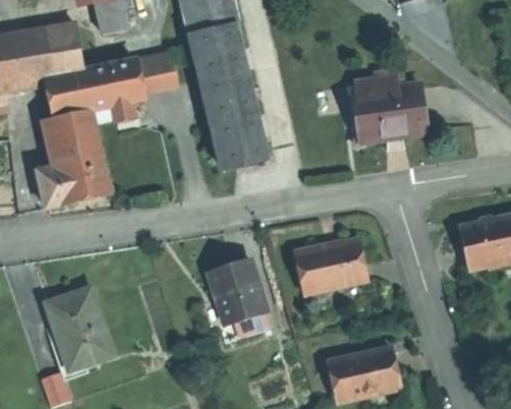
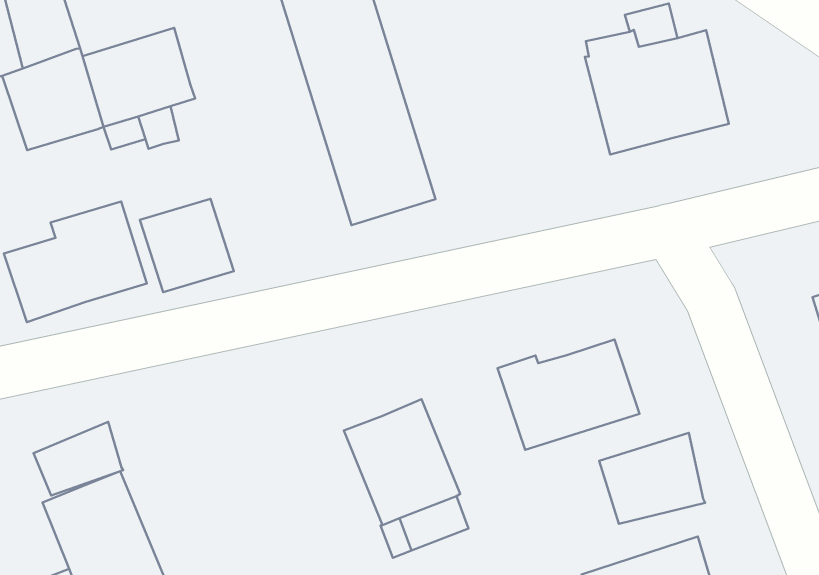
building: [136,51,177,89] -> none
building: [55,108,102,155] -> [140,199,234,292]
building: none -> [34,422,123,496]
building: none -> [599,433,705,524]

